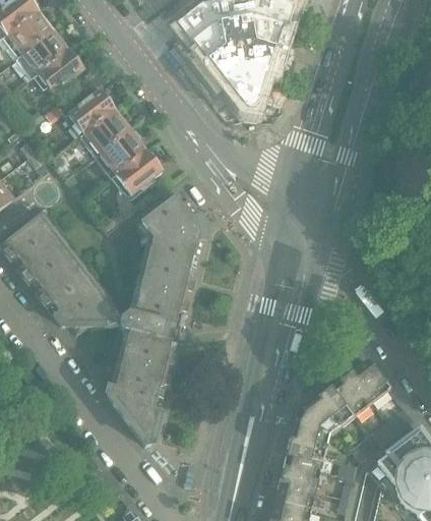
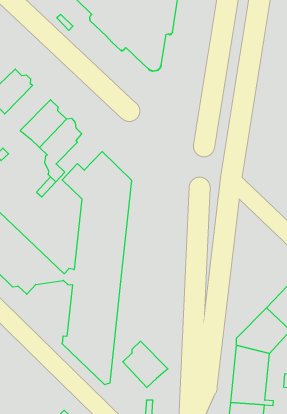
building: [79,109,131,156] -> none
building: none -> [123,341,168,387]

